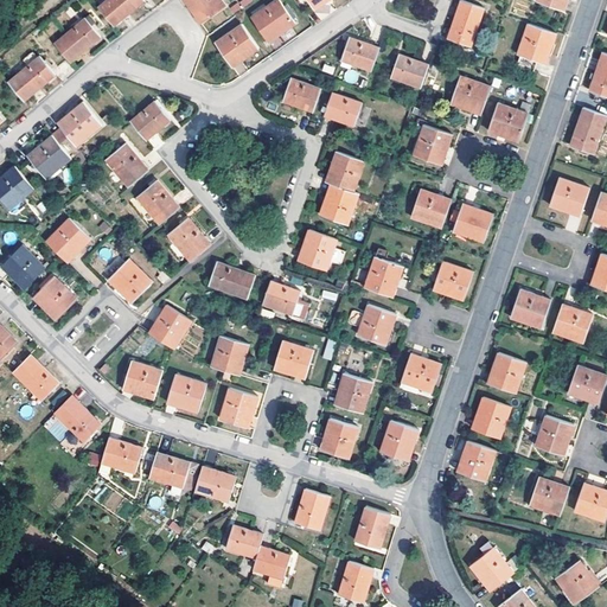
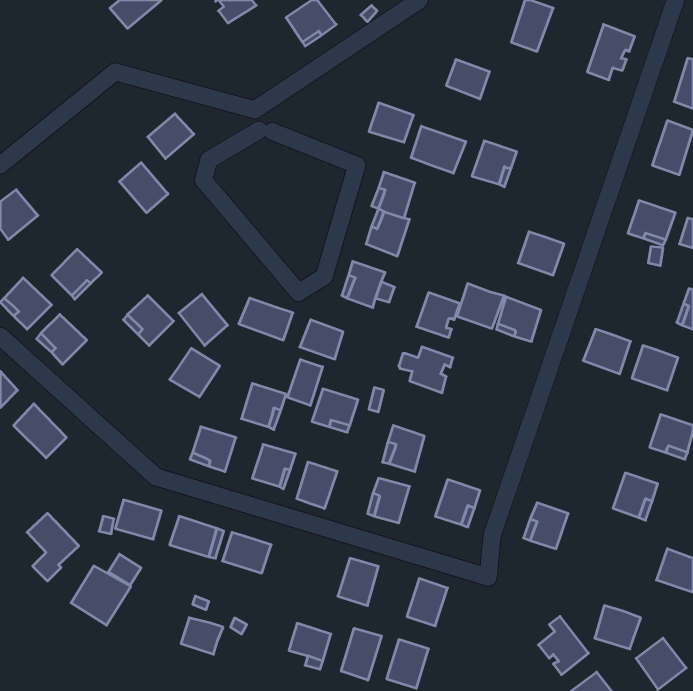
building: [52,17,98,63] -> none
building: [215,24,257,68] -> none
building: [341,37,379,70] -> none
building: [6,57,53,102] -> none
building: [449,76,490,110] -> none
building: [282,78,320,111] -> none
building: [58,103,101,146] -> none
building: [486,103,526,143] -> none
building: none -> [411,126,466,173]
building: [26,136,70,179] -> none
building: [136,181,179,224] -> none
building: [410,189,452,228] -> [457,284,504,328]
building: [167,218,210,263] -> [179,294,228,346]
building: none -> [288,359,323,406]
building: [491,352,526,394] -> none
building: [402,354,441,392] -> none
building: [122,360,164,400] -> none
building: [53,396,98,455] -> [27,513,79,581]
building: [477,397,512,437] -> none
building: none -> [297,462,337,509]
building: [530,477,570,515] -> [595,606,641,649]
building: none -> [71,566,131,625]
building: [228,526,264,558] -> [181,618,223,654]
building: none -> [341,628,382,680]

